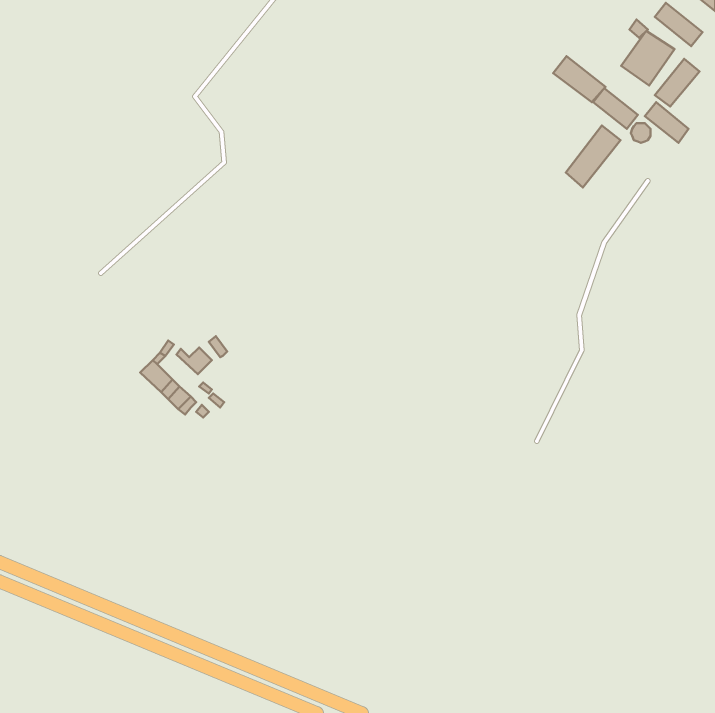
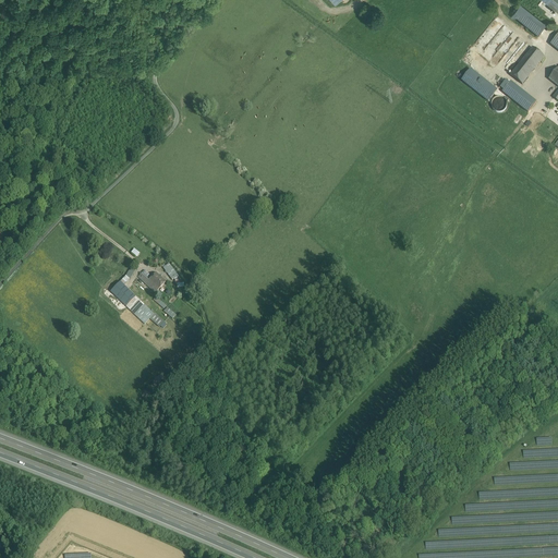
building: [553,56,605,102] -> none
building: [566,126,620,187] -> none

